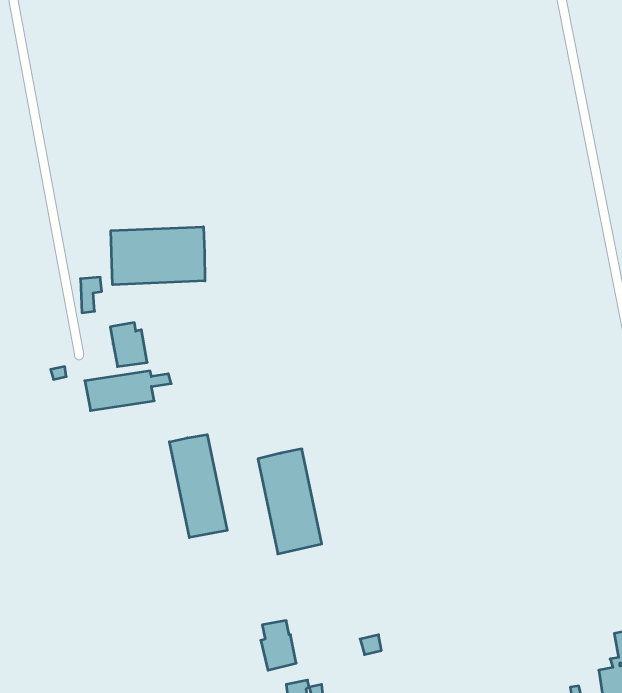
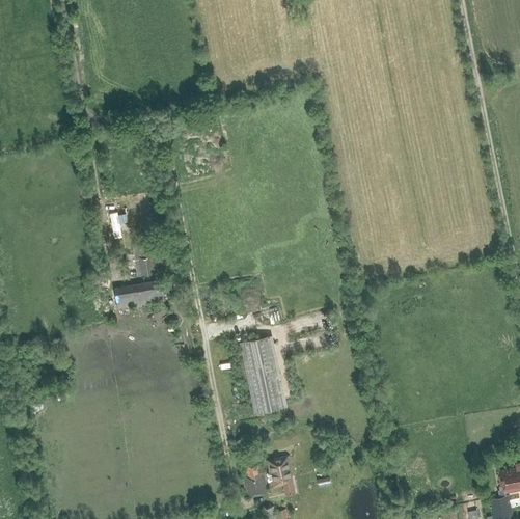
building: [111,227,205,285] -> none
building: [169,435,227,538] -> none
building: none -> [266,457,294,494]

